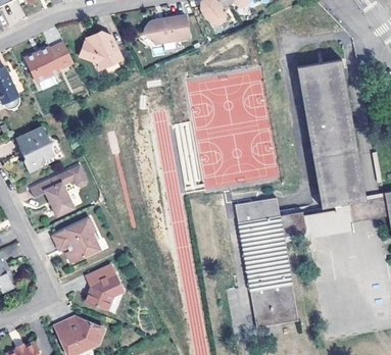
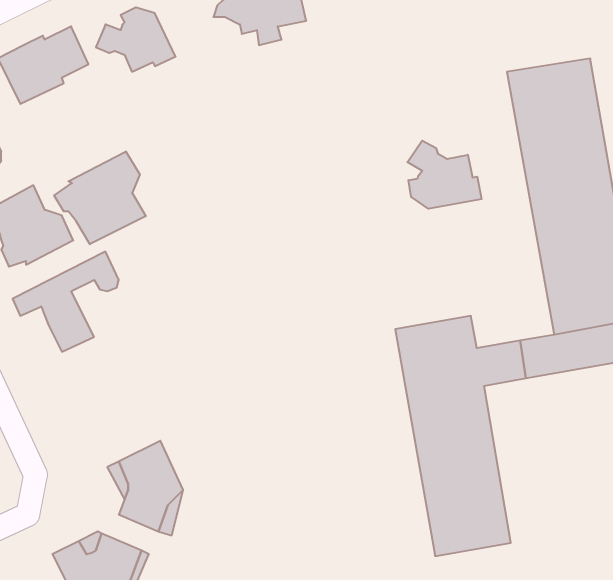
building: none -> [407,141,482,209]
building: none -> [54,151,146,244]
building: [51,217,97,262] -> none

